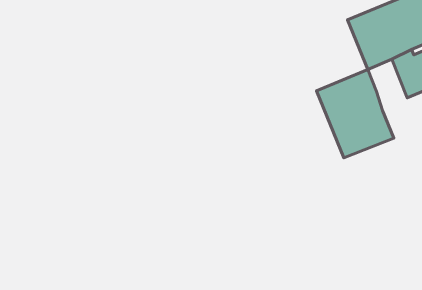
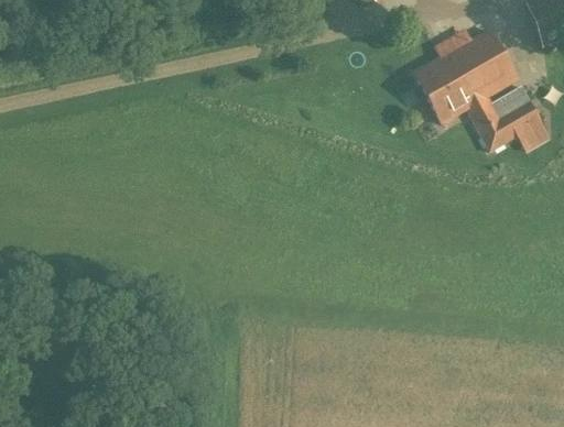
building: [316,69,394,158] -> none

